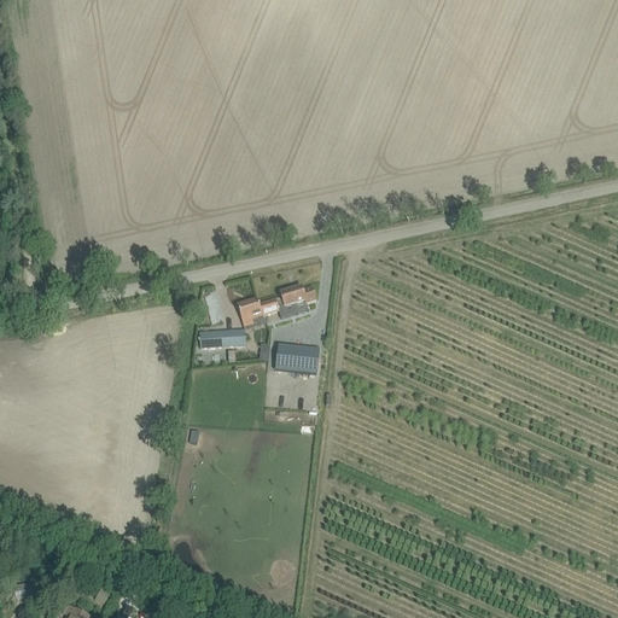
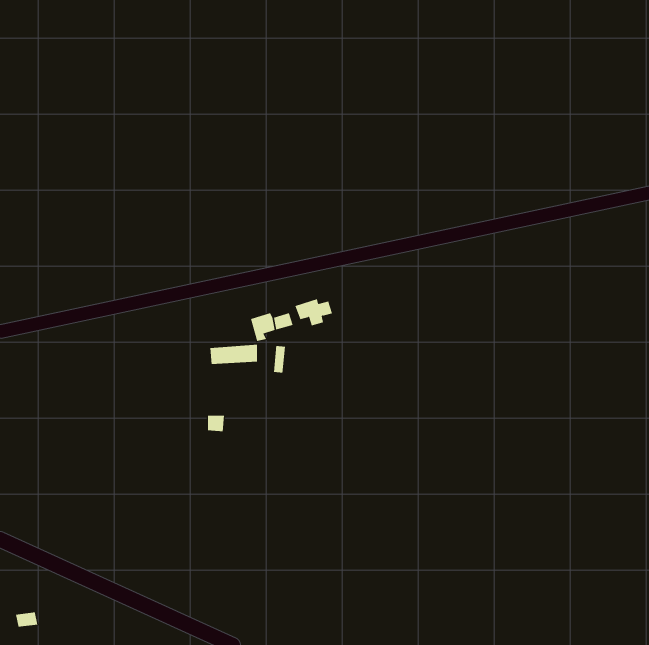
building: [275,343,320,373] -> none

